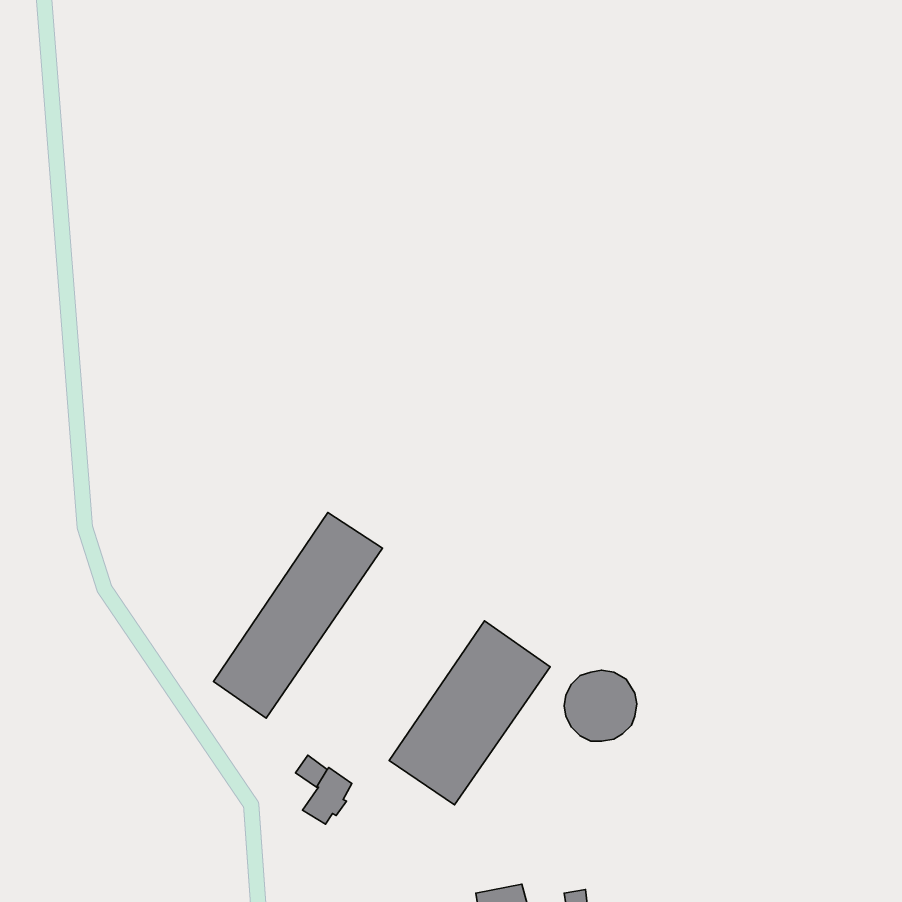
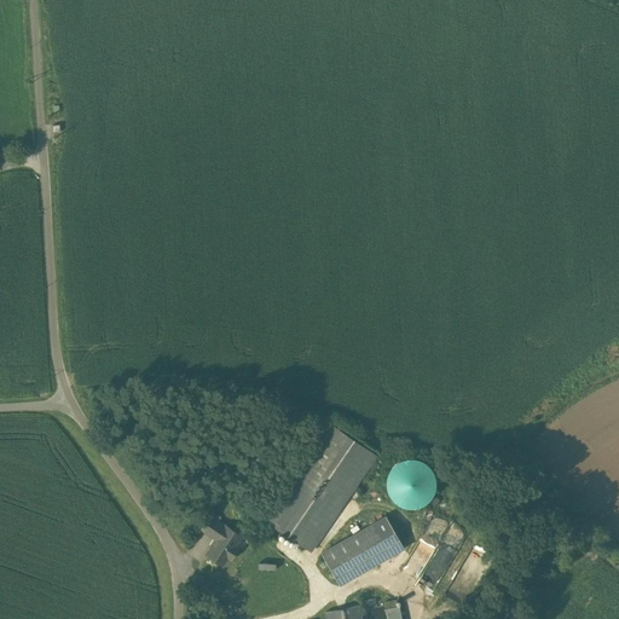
building: [213,513,382,718] -> none
building: none -> [323,517,405,585]

